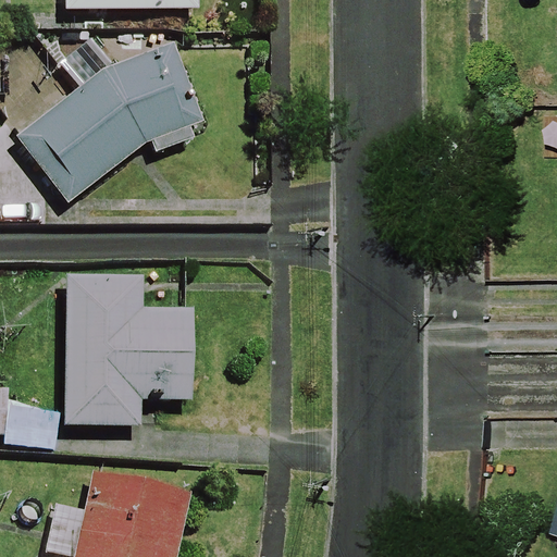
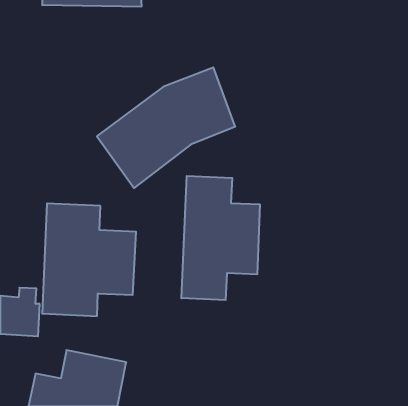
building: [17,40,203,202] -> [97,67,235,188]
building: none -> [181,176,260,300]

